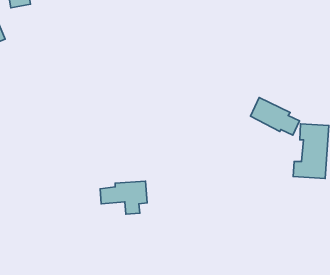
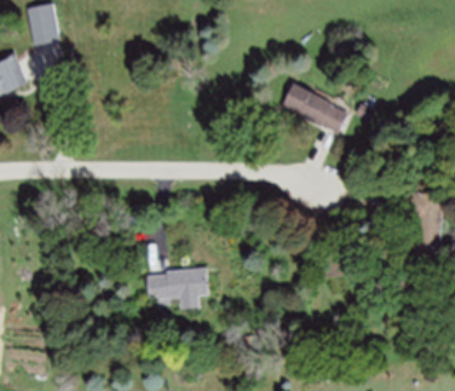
building: [251,97,299,135] -> [282,82,345,131]

